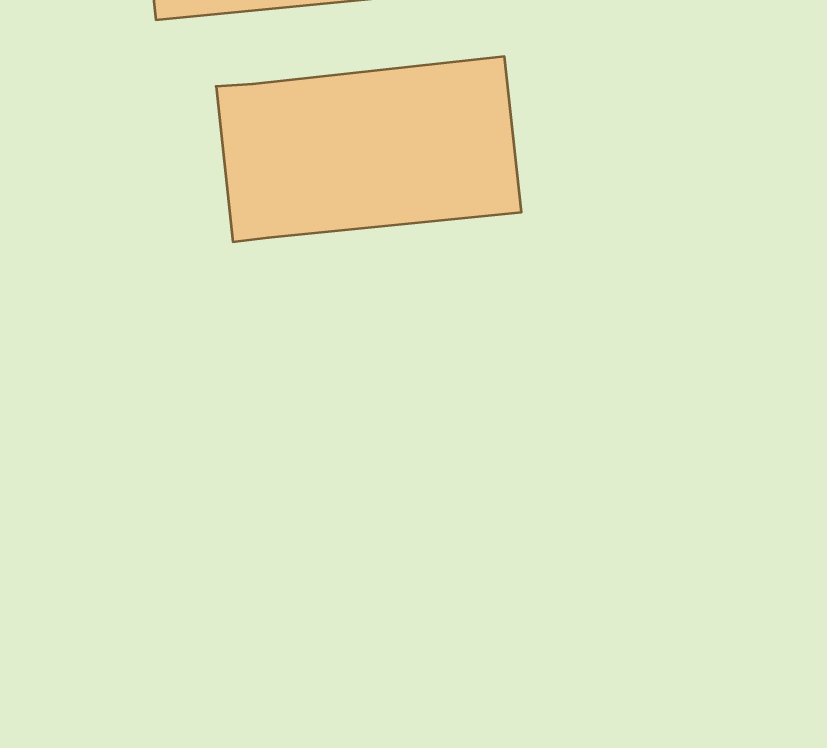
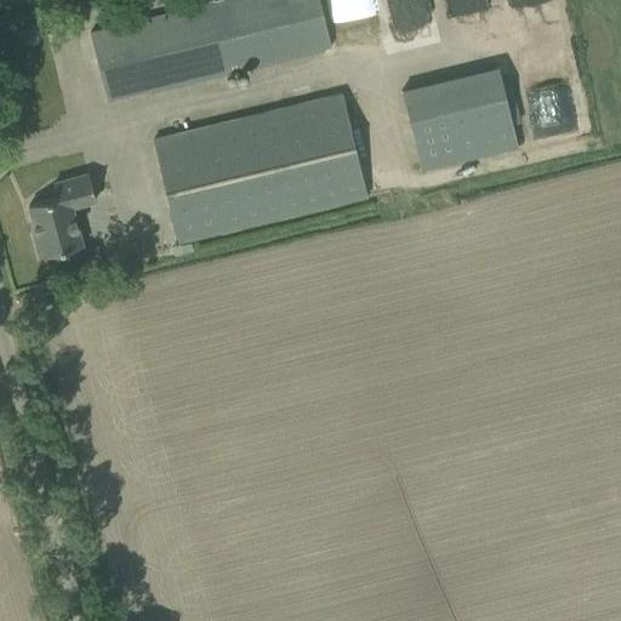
building: none -> [408,74,518,170]
building: none -> [29,173,96,257]

